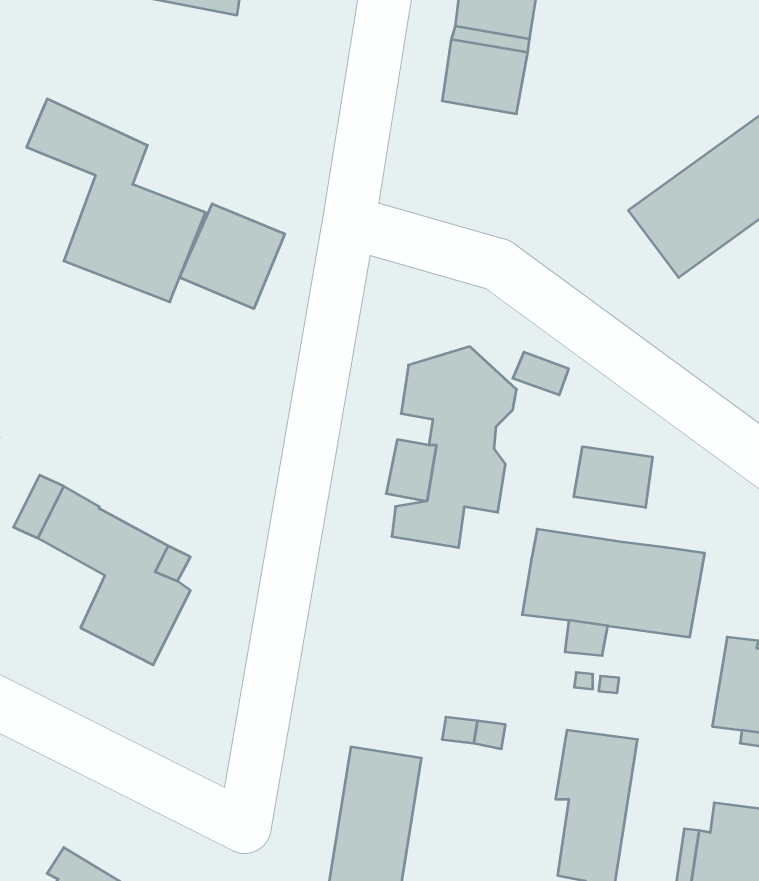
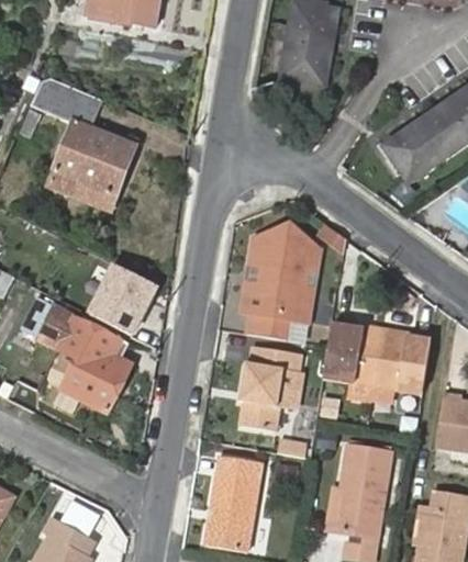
building: [180,204,285,309] -> none
building: none -> [83,260,158,335]
building: [574,447,653,508] -> none
building: none -> [239,345,304,431]

